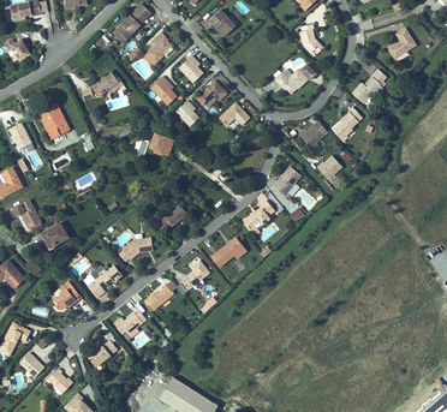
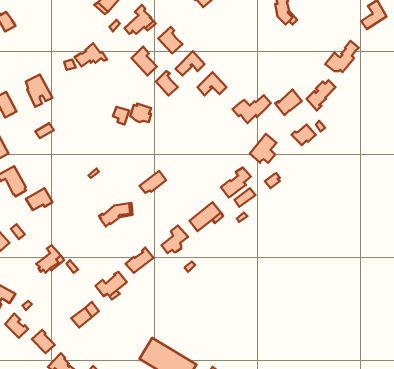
building: [274,64,314,92] -> [233,95,271,123]
building: [87,264,121,298] -> none

